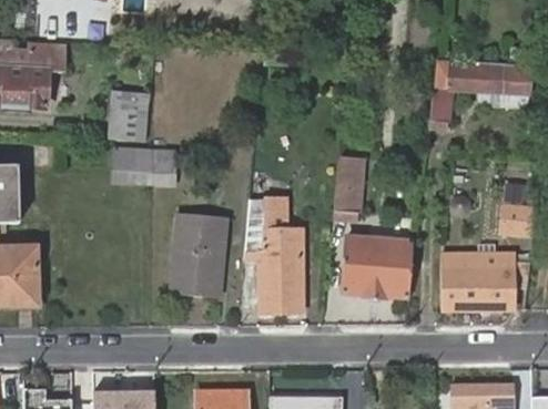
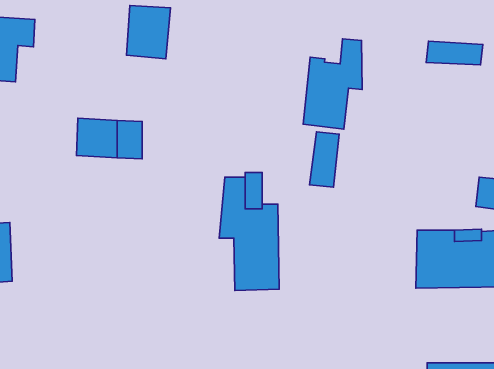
building: none -> [303,39,362,129]
building: [109,90,152,142] -> [126,5,171,59]
building: [176,211,231,289] -> none
building: [339,235,409,298] -> none

